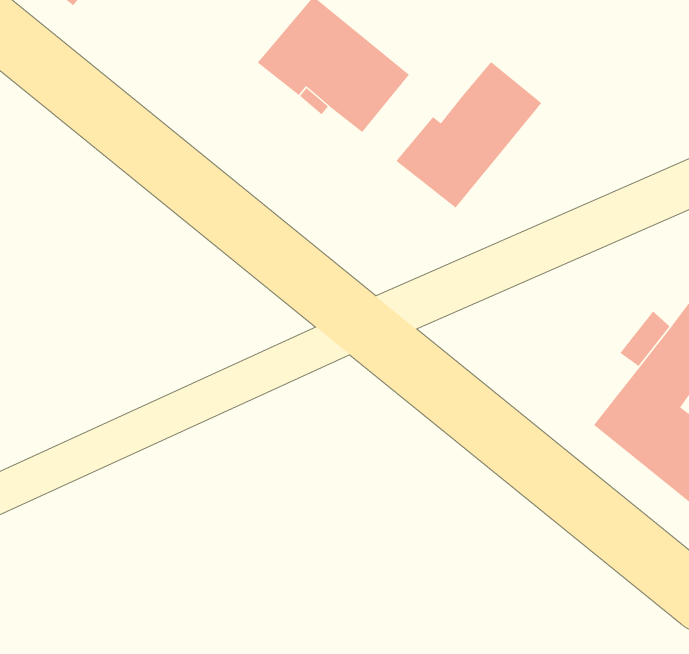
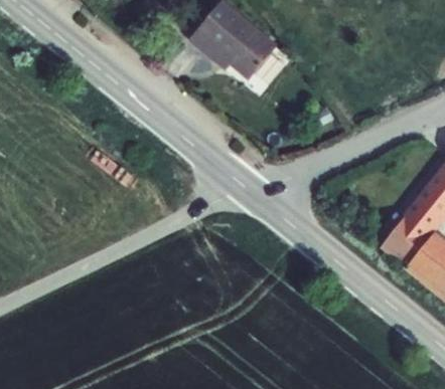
building: [395,61,542,208] -> none

